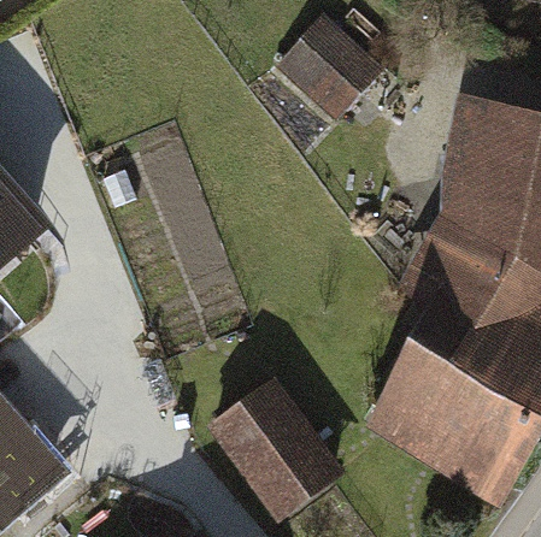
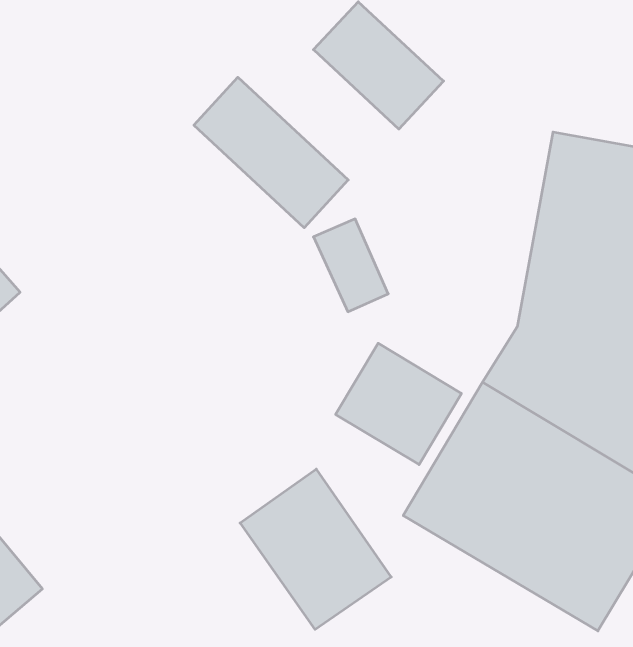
building: none -> [194,77,348,228]
building: none -> [336,343,461,465]

